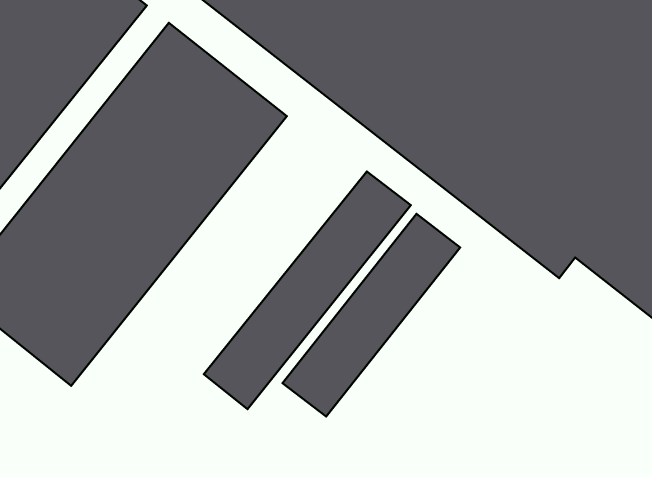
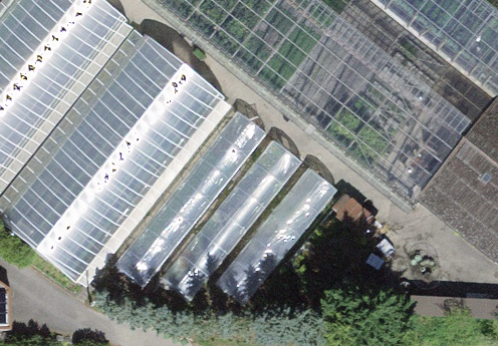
building: none -> [119,100,273,283]

